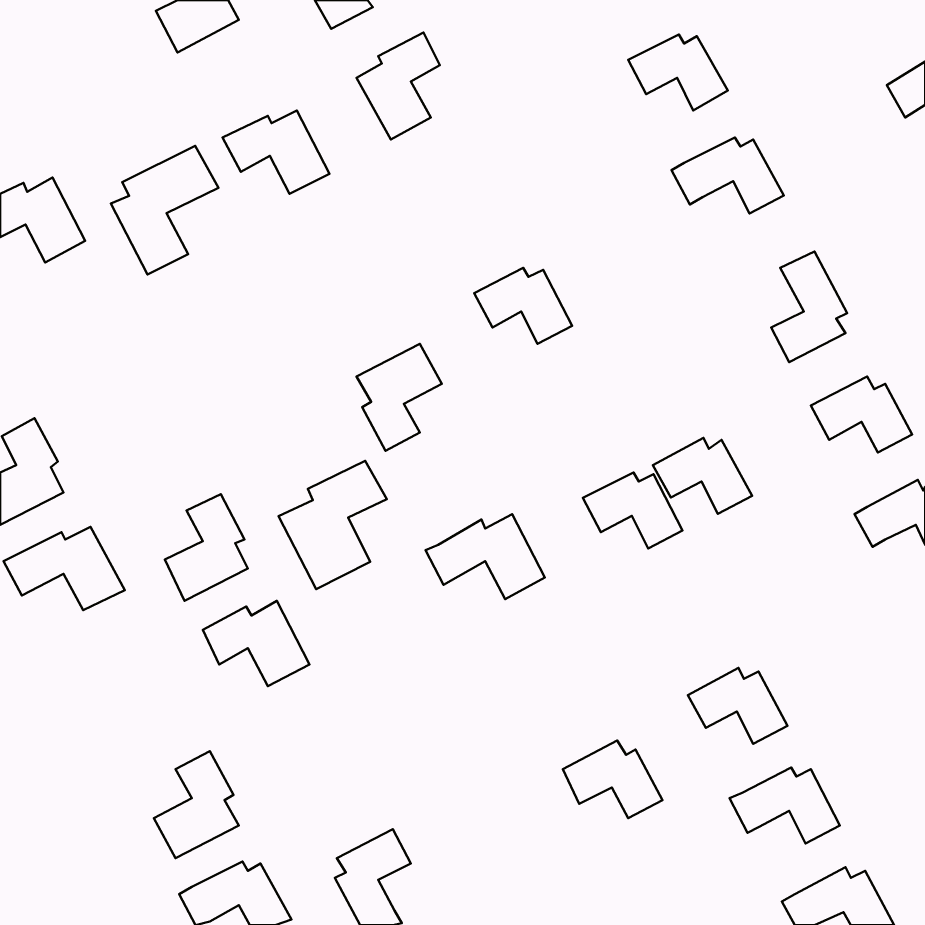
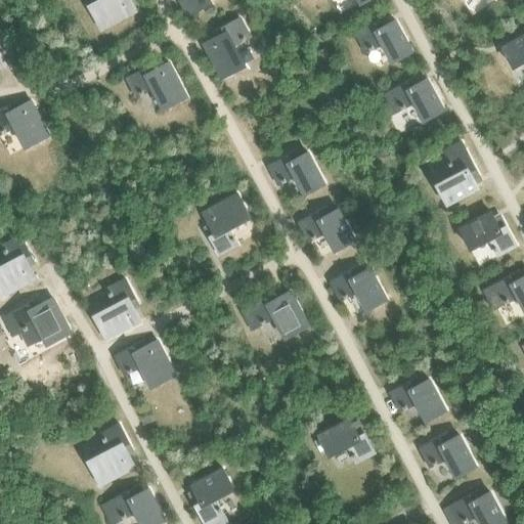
building: [111,146,218,275] -> none
building: [653,438,752,514] -> [298,208,354,251]
building: [279,461,387,589] -> none

